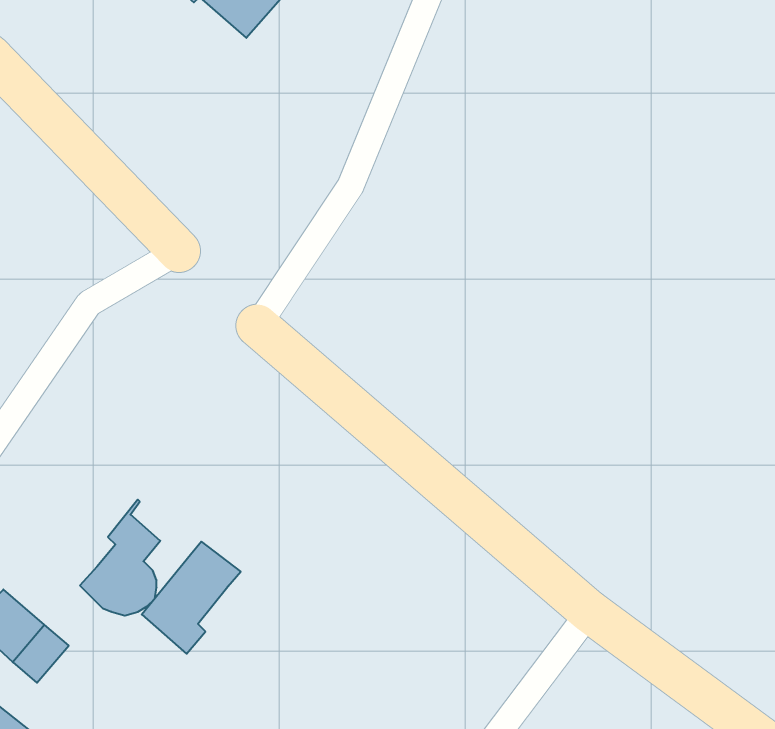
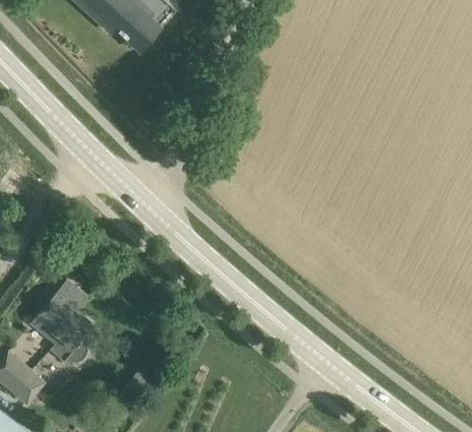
building: [142,542,241,654] -> [35,277,88,338]

